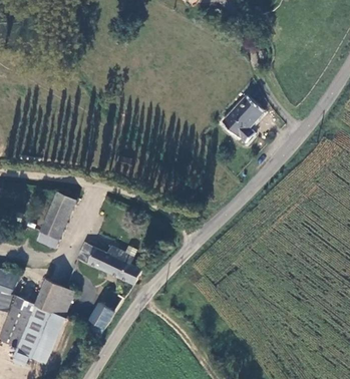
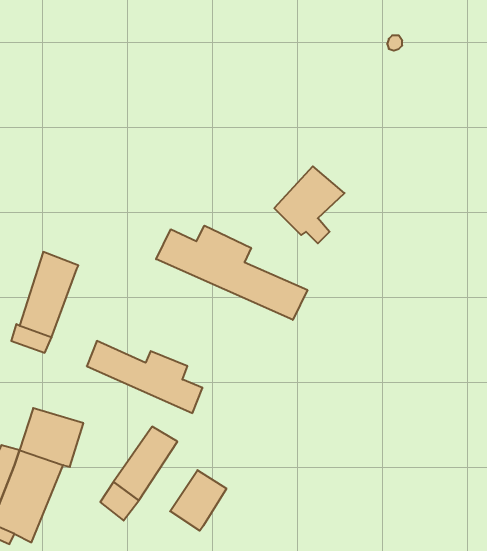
building: [228,95,270,141] -> [274,166,345,243]
building: none -> [156,226,307,320]
building: none -> [170,470,226,531]

